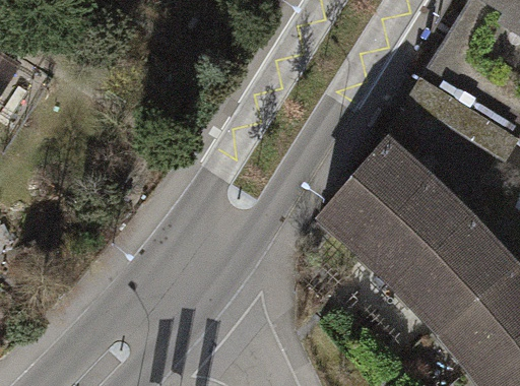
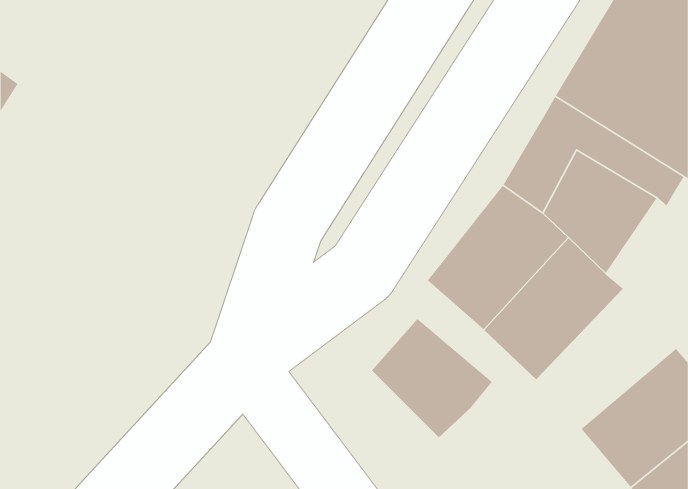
building: [404,223,510,329] -> none
building: none -> [371,318,493,438]

